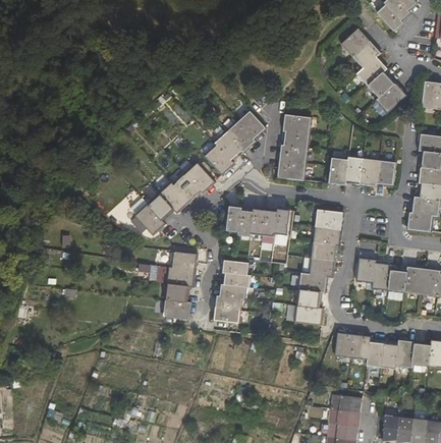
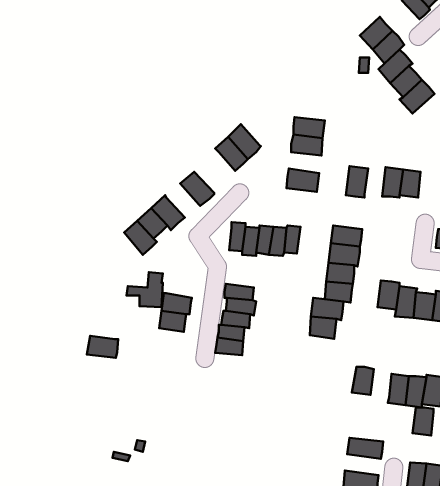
building: [237,111,265,140] -> none
building: [206,146,234,175] -> none
building: [279,146,308,164] -> none
building: [345,157,364,184] -> none
building: [172,173,201,203] -> none
building: [172,252,197,273] -> none
building: [163,299,190,319] -> [87,336,118,358]
building: [295,306,322,324] -> none
building: [350,335,369,359] -> [412,408,433,436]
building: [328,409,360,428] -> none

